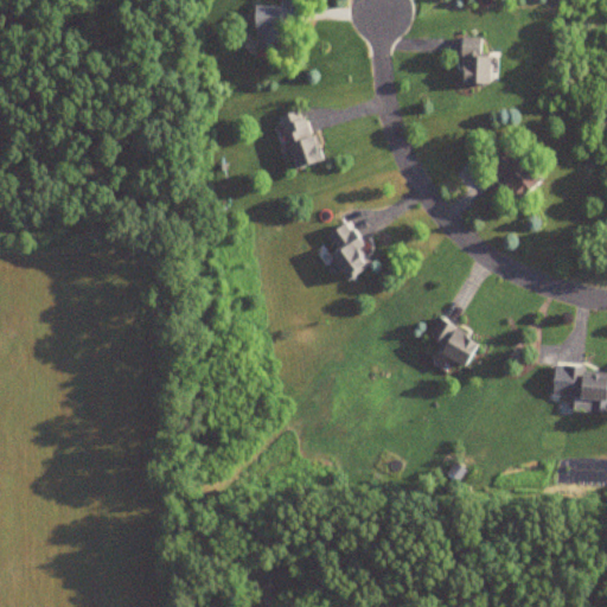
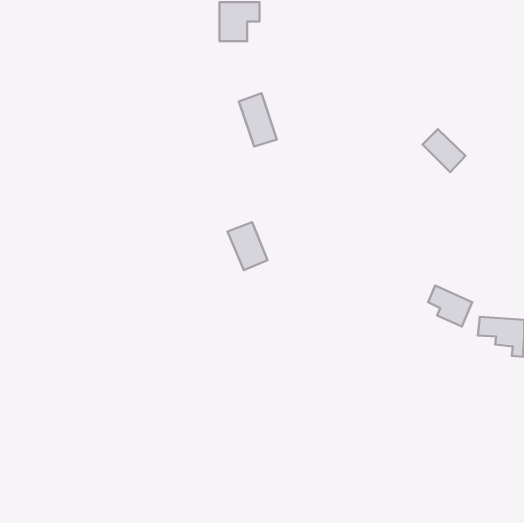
building: [461,39,487,84] -> none
building: [322,225,369,281] -> [227,222,267,270]
building: [427,321,478,369] -> [428,286,472,327]

